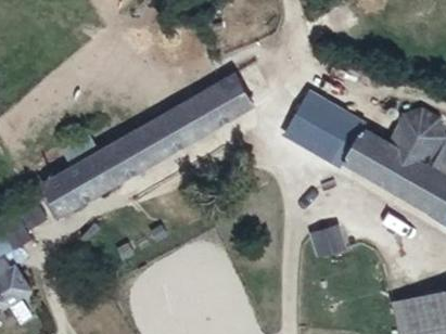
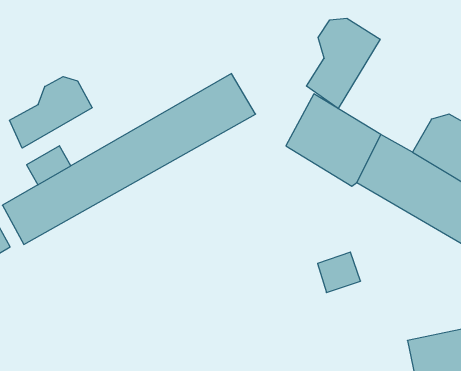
building: none -> [306,18,380,109]
building: none -> [10,77,92,148]

